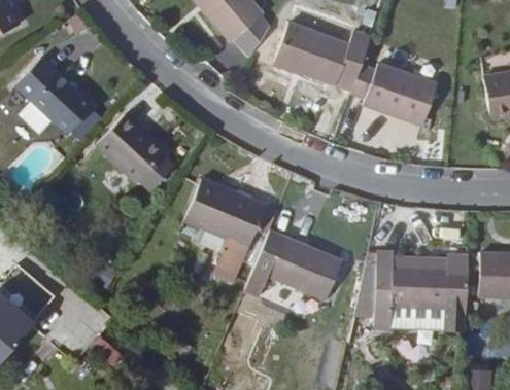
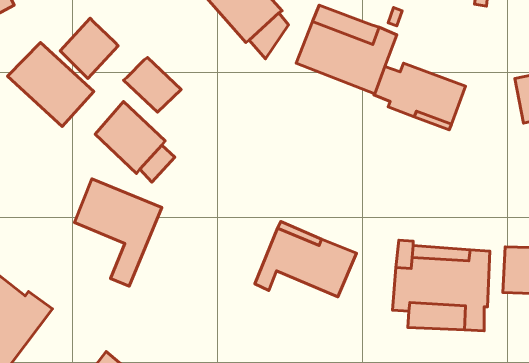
building: none -> [60,18,118,78]
building: none -> [124,57,181,112]
building: [182,175,265,276] -> [74,179,162,286]

